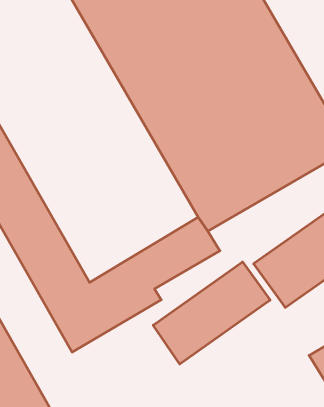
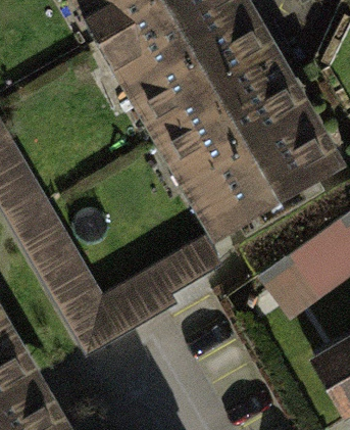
building: [153,262,270,364] -> none

